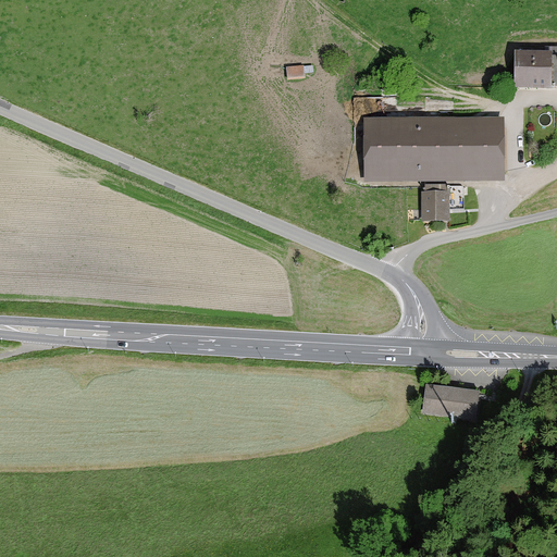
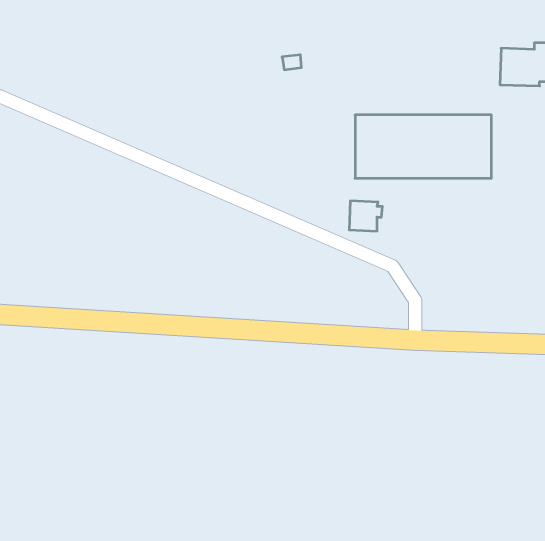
building: [421,189,455,220] -> [349,201,382,231]
building: [423,380,480,417] -> none

